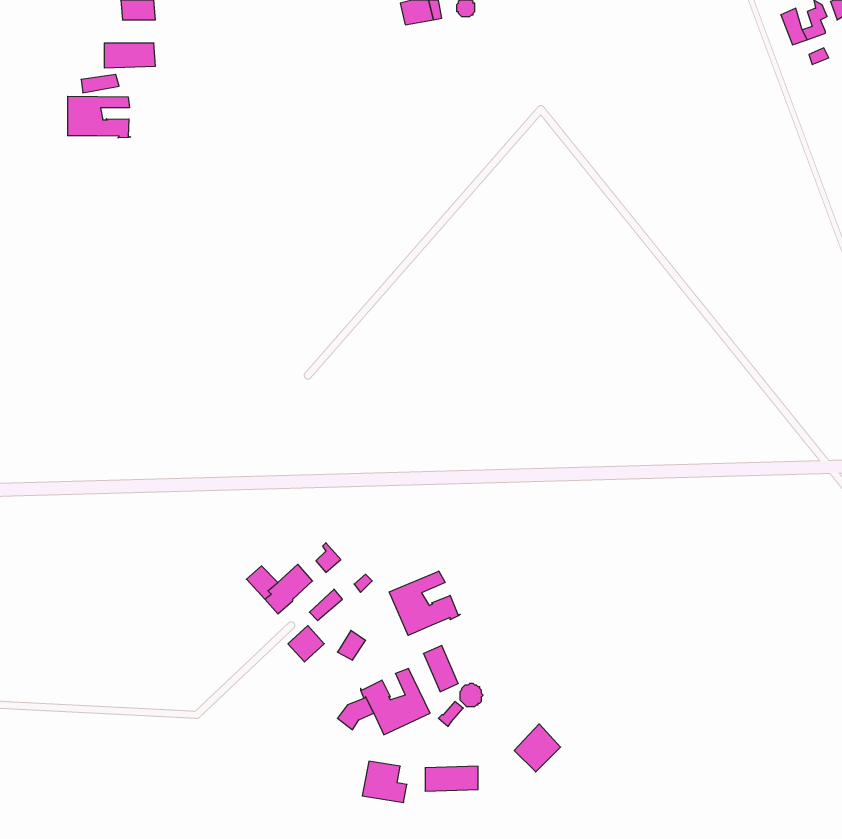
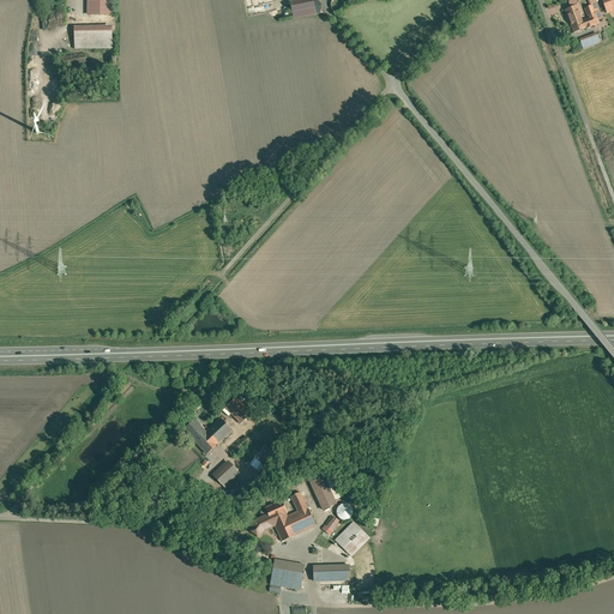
building: [68,96,131,138] -> none
building: [389,571,460,635] -> none
building: [514,724,561,772] -> [333,518,367,553]

